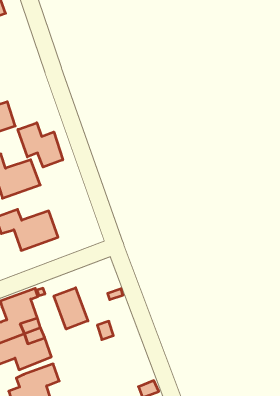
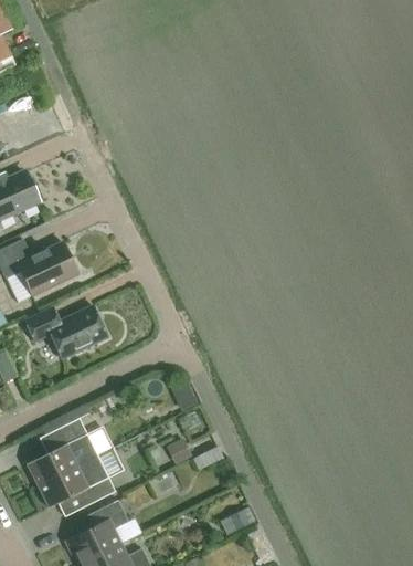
building: [18,123,63,167] -> none
building: [54,288,88,329] -> none

